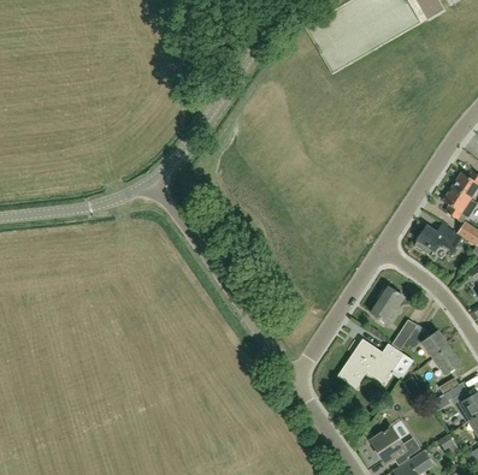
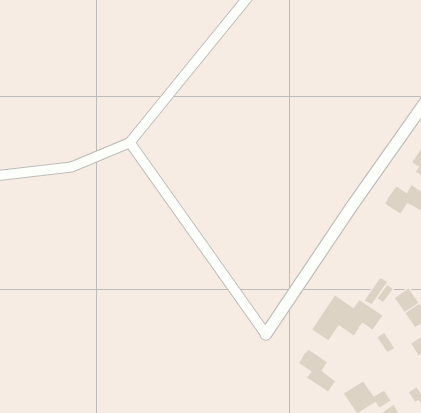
building: [371,286,405,323] -> none
building: none -> [298,349,336,392]

